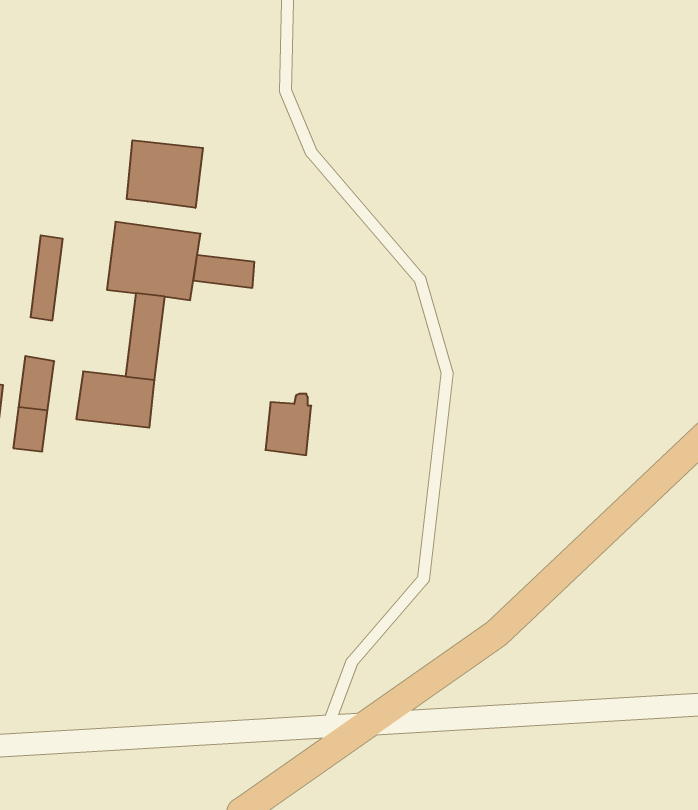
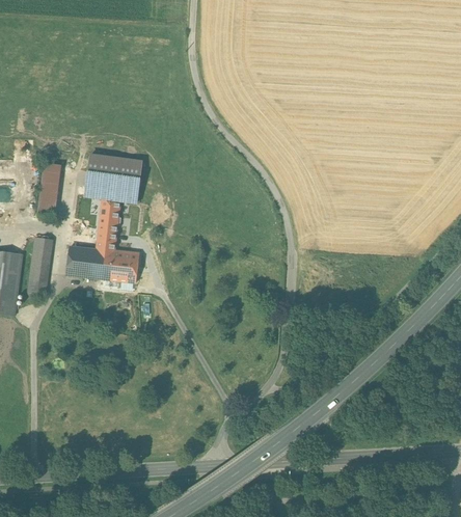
building: [127,140,203,208] -> none
building: [193,255,254,288] -> none
building: [265,394,311,455] -> [111,245,139,282]

